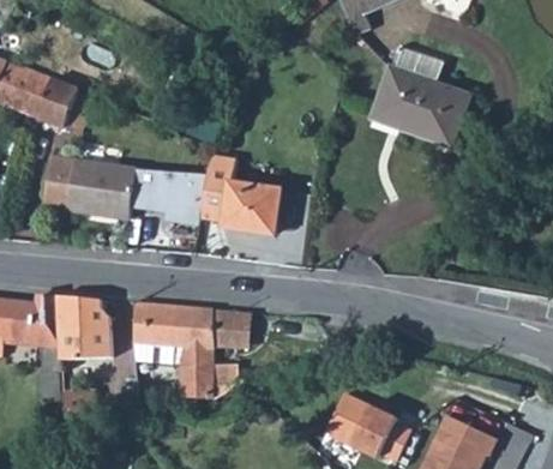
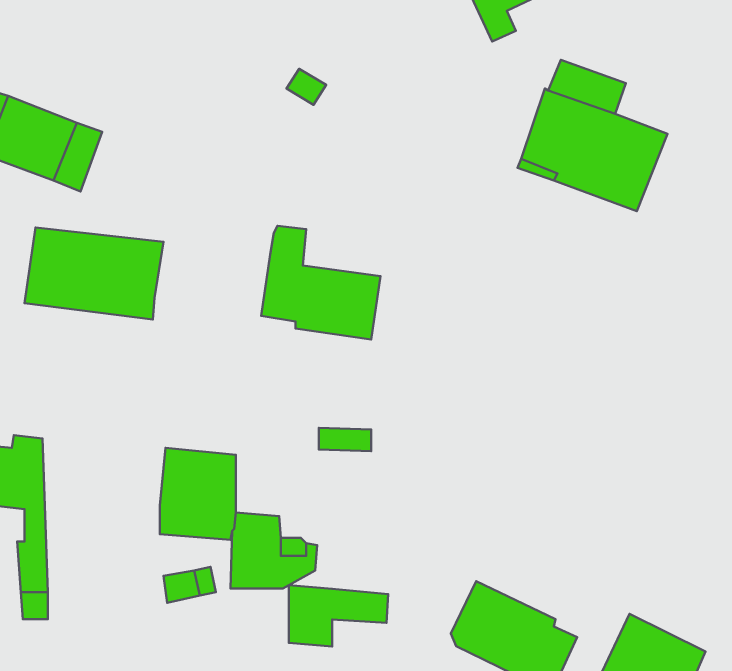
building: [130,167,206,222] -> none
building: [61,296,114,353] -> none
building: [184,308,250,349] -> [289,585,388,646]

